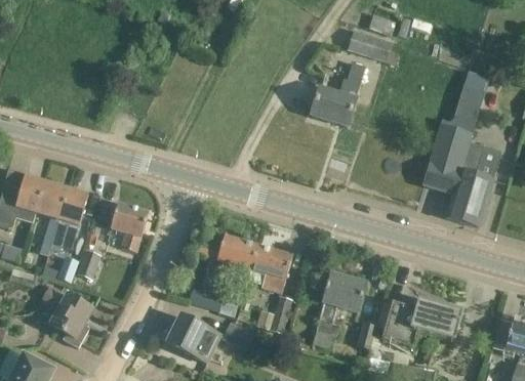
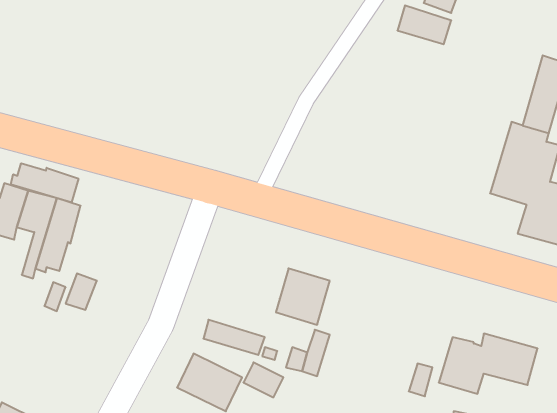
building: [311,62,364,124] -> none
building: none -> [11,163,78,203]
building: [110,203,148,251] -> none
building: [198,235,257,269] -> none
building: [313,273,365,348] -> none
building: [42,288,91,347] -> none

